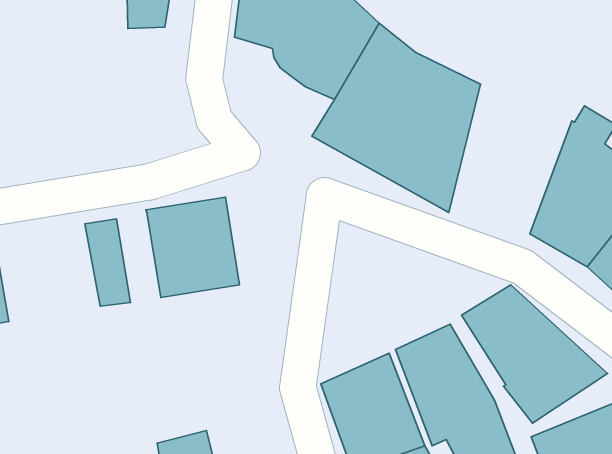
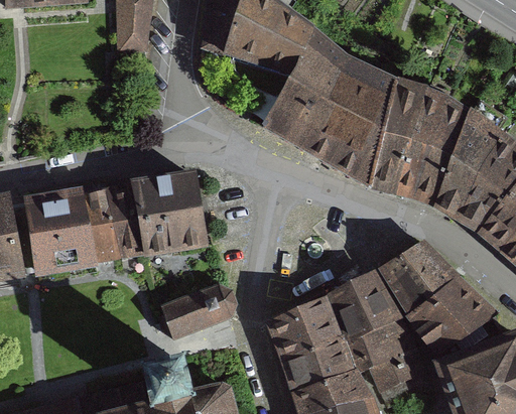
building: none -> [373,85,471,203]
building: none -> [109,186,144,258]
building: none -> [29,195,96,271]
building: none -> [164,288,241,341]

